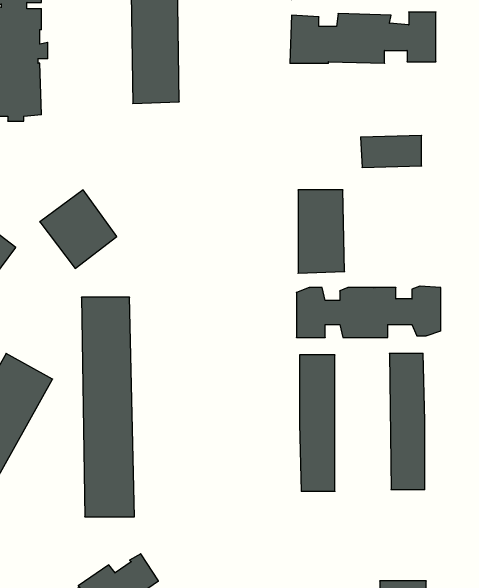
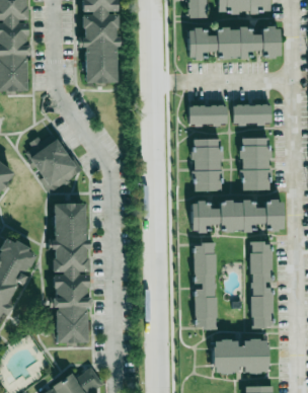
building: none -> [188,105,227,126]
building: none -> [240,138,271,190]
building: none -> [212,339,267,373]

